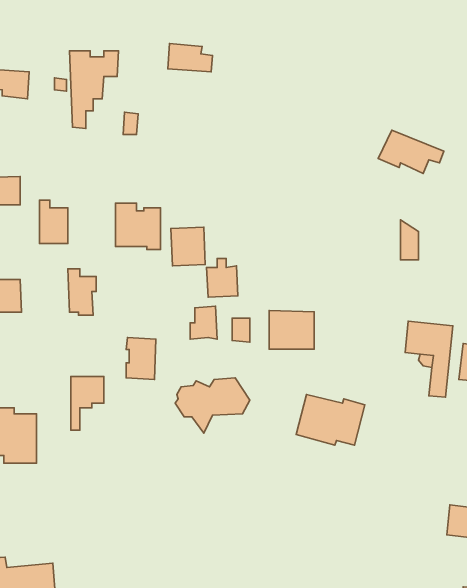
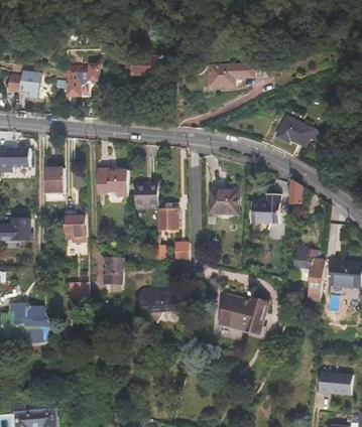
building: none -> [204,62,260,89]
building: none -> [249,192,277,221]
building: [269,310,314,349] -> [207,188,237,215]

